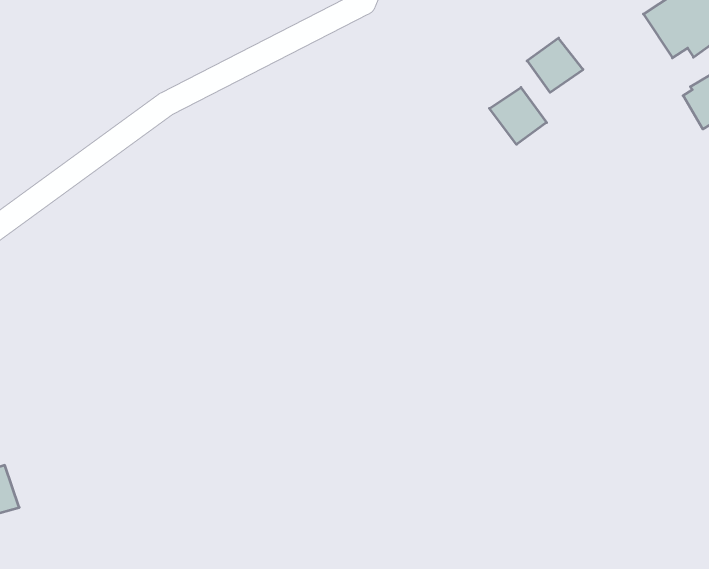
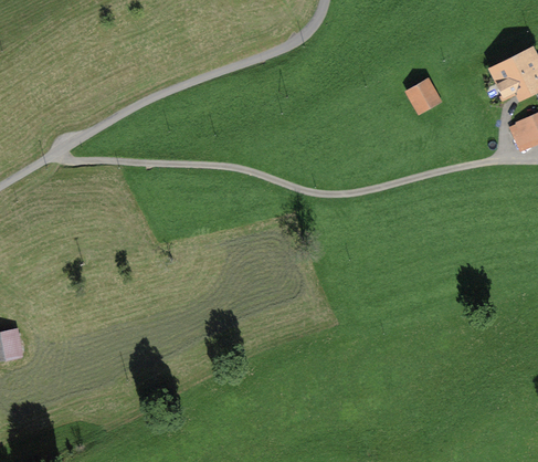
building: [489,87,547,144] -> none

